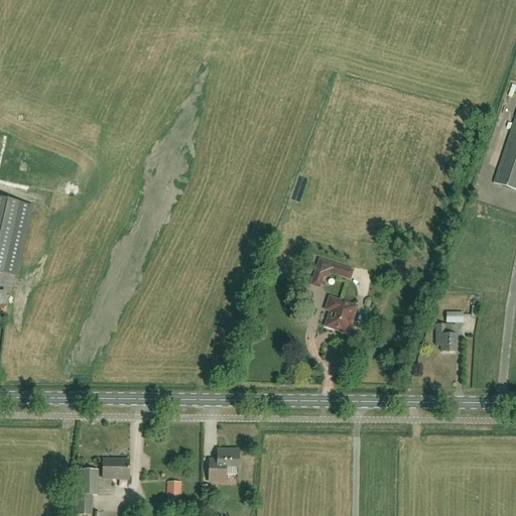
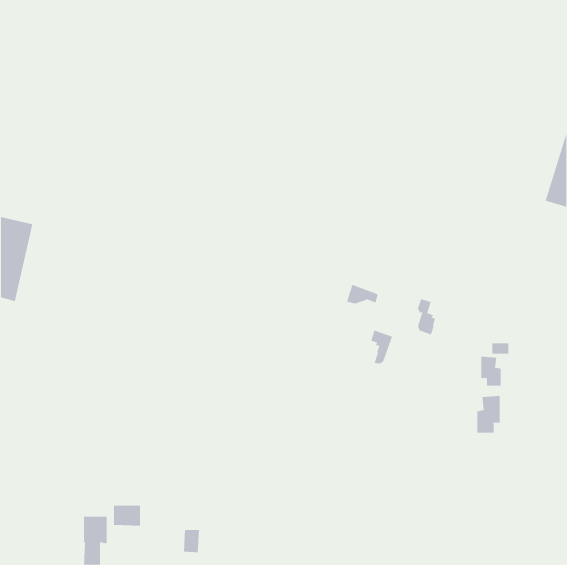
building: [327,296,344,330] -> [417,299,436,335]
building: none -> [477,395,500,434]
building: [209,448,238,481] -> none

